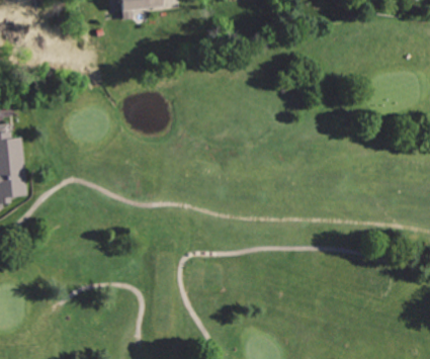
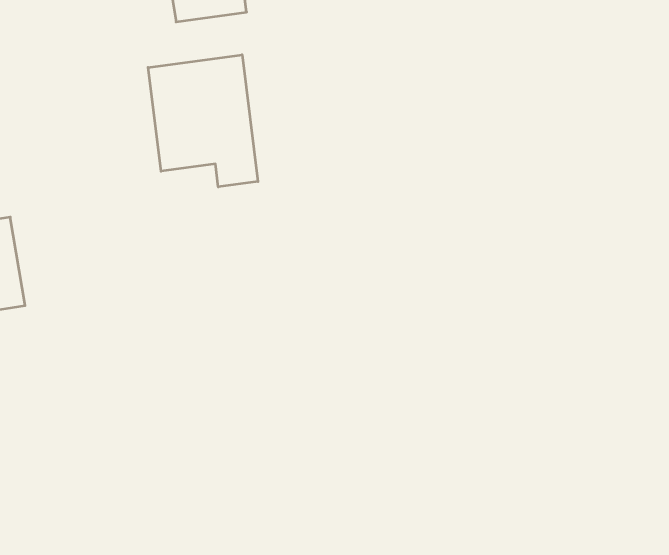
building: none -> [148,55,258,187]

